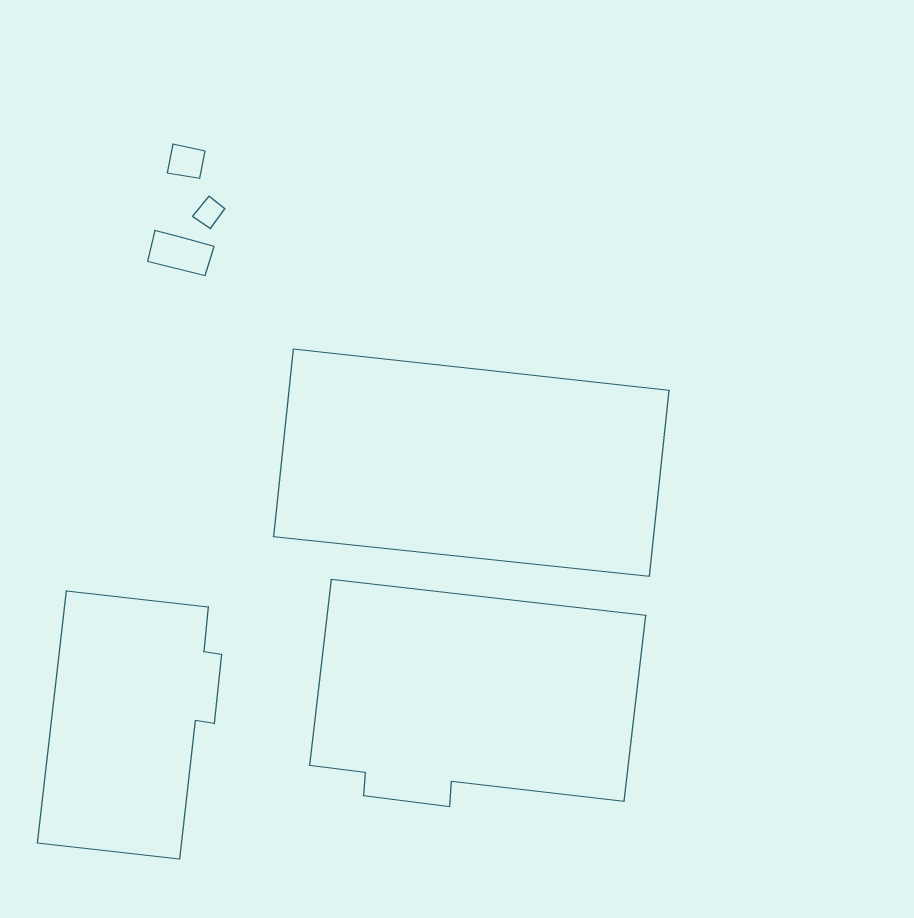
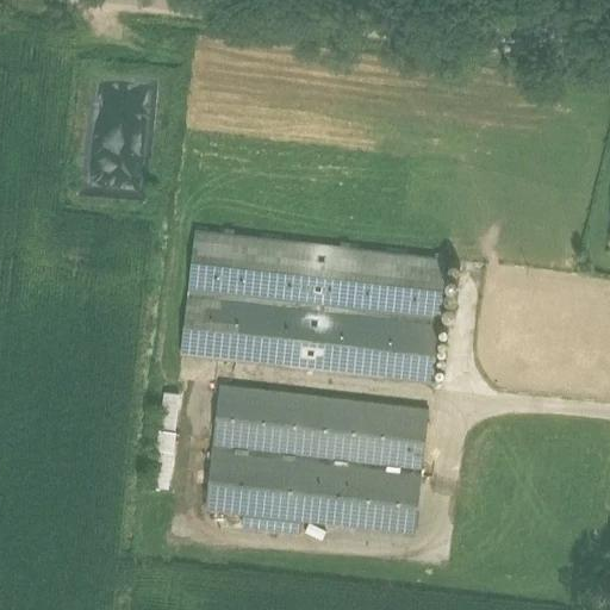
building: [38,591,222,859] -> none

